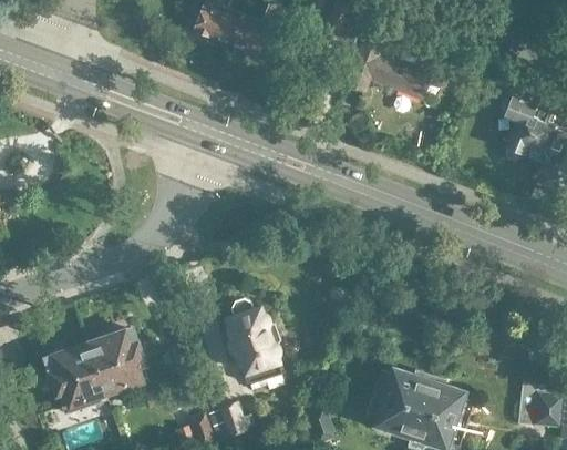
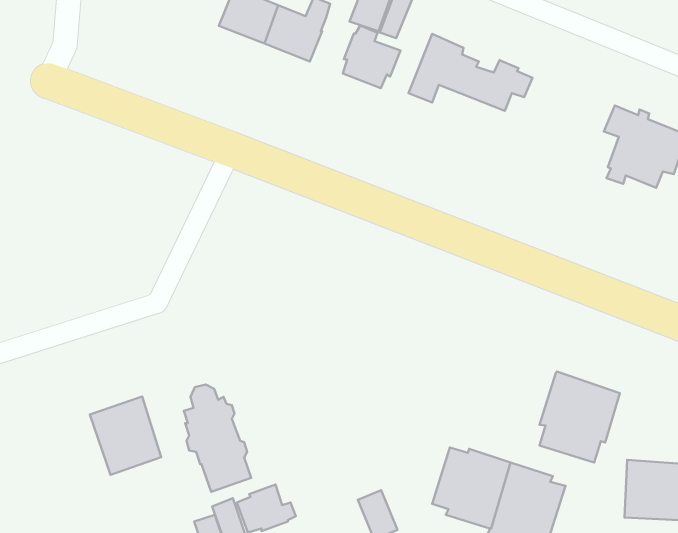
building: none -> [343,26,400,88]
building: [226,299,280,386] -> [184,385,251,492]
building: none -> [539,371,620,462]
building: [45,345,105,408] -> none

